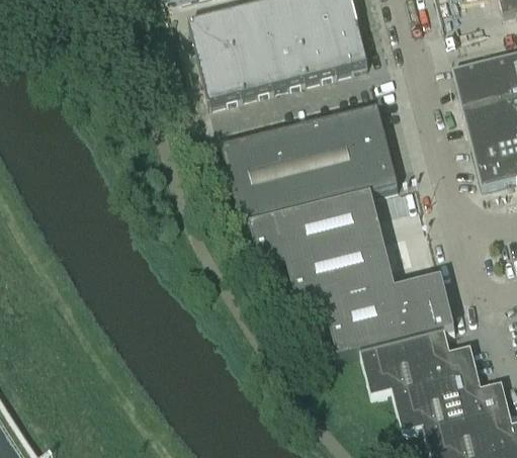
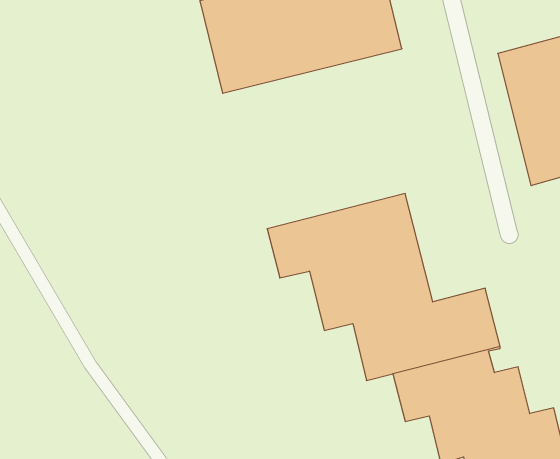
building: [221,104,398,224] -> none

